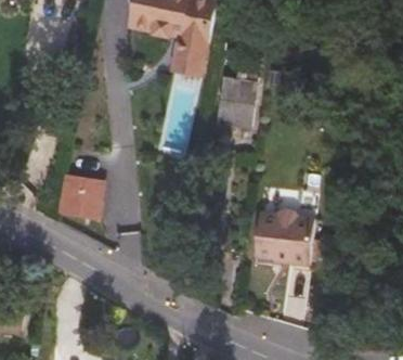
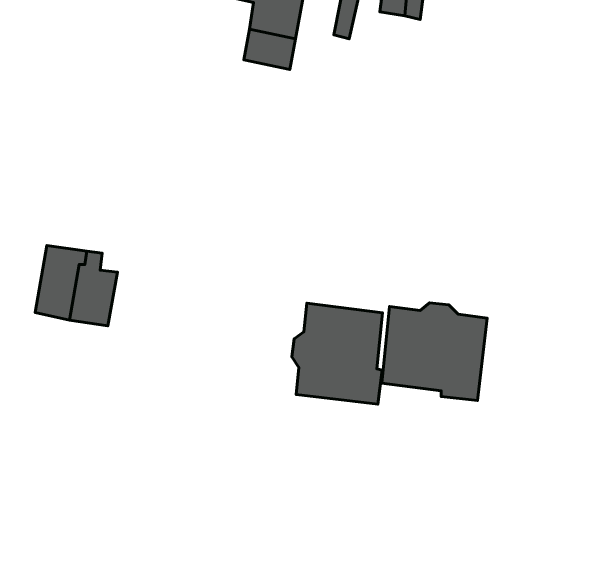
building: [219,79,257,127] -> none
building: none -> [292,303,383,404]

